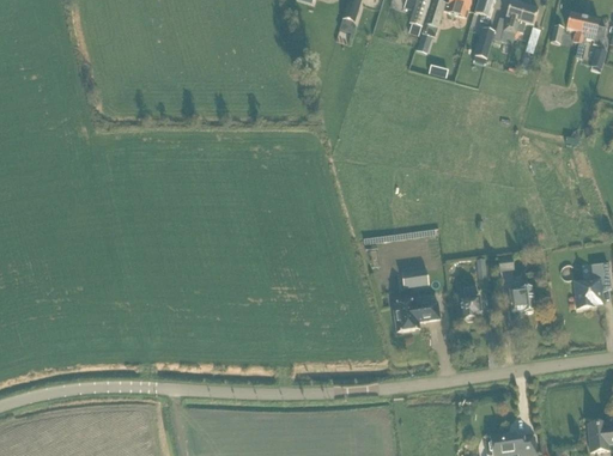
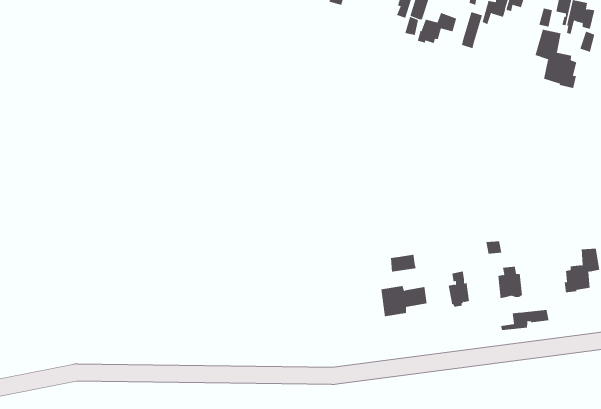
building: none -> [417,12,457,44]
building: none -> [535,29,577,89]
building: none -> [500,309,549,331]

